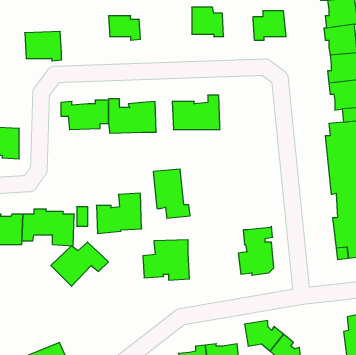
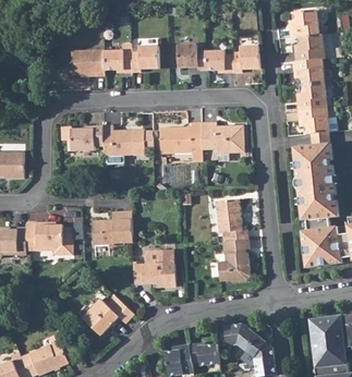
building: none -> [130,44,158,71]
building: none -> [204,49,232,72]
building: [25,32,62,61] -> [71,50,104,76]
building: none -> [201,121,243,151]
building: [153,169,190,218] -> [214,197,246,241]
building: [51,242,108,286] -> [83,295,134,335]

